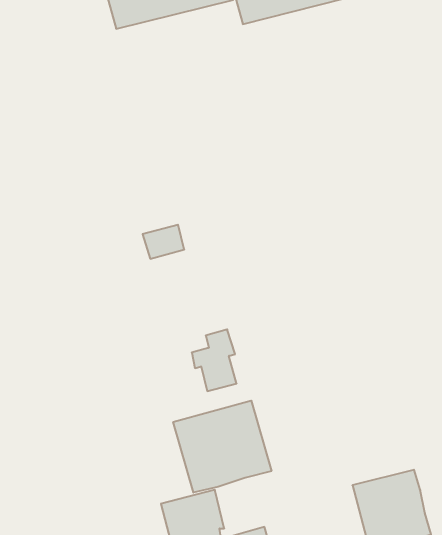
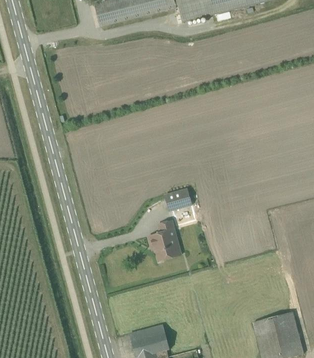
building: [143,225,184,259] -> [165,188,192,210]
building: [173,401,271,493] -> none

